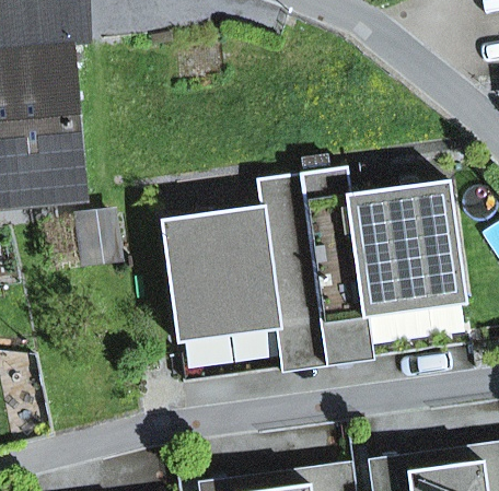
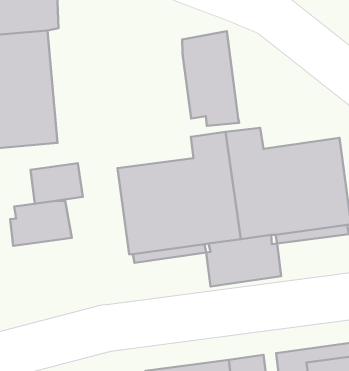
building: none -> [182,31,239,126]
building: none -> [10,201,72,246]

